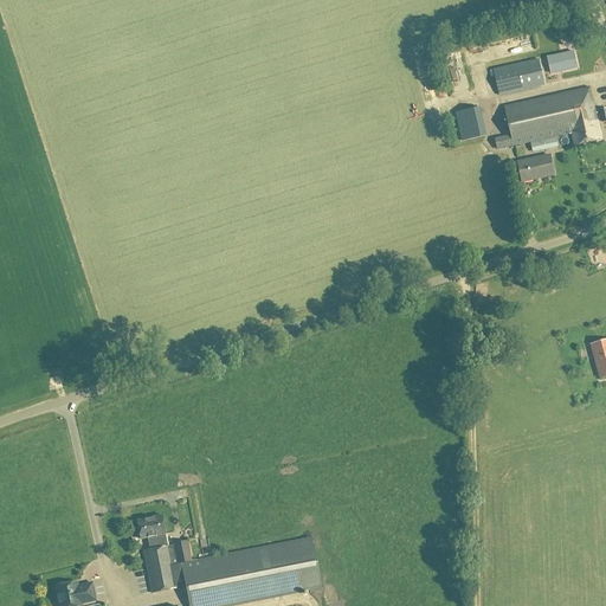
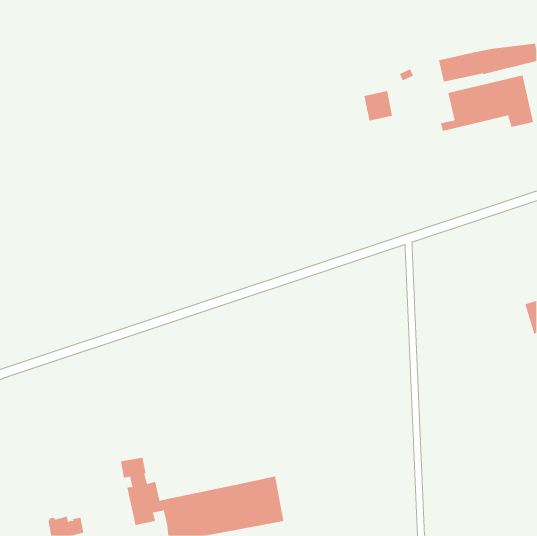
building: [451,105,484,140] -> [363,91,393,121]
building: [517,153,553,180] -> none

